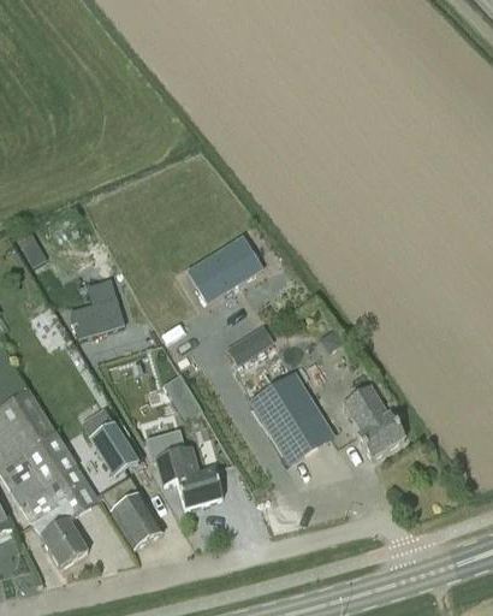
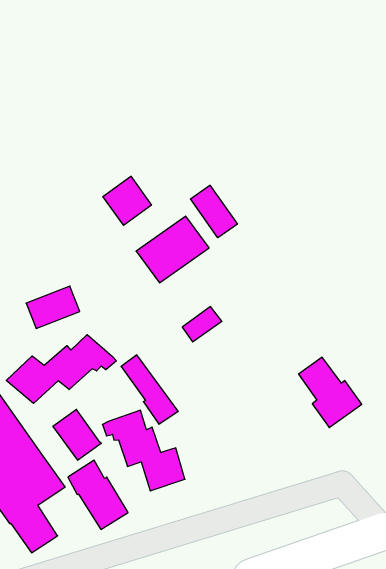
building: none -> [103,176,151,225]
building: none -> [190,185,237,238]
building: none -> [6,335,116,403]
building: [249,368,334,461] -> none

